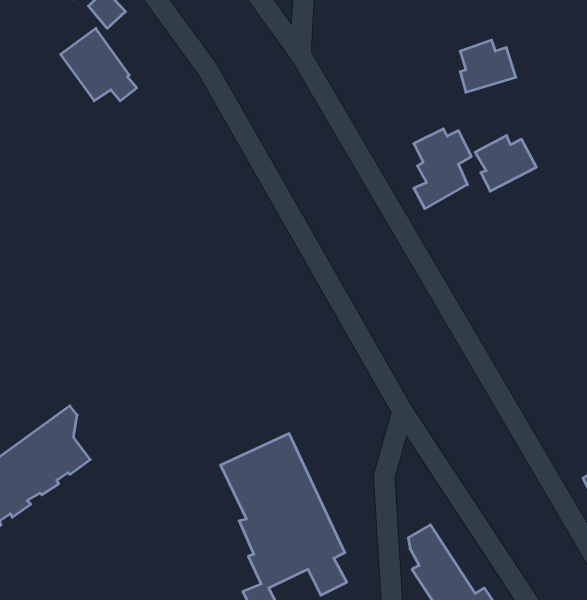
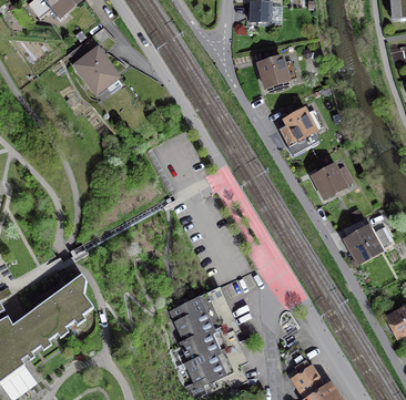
building: [460,40,516,92] -> [262,55,295,86]
building: [475,135,536,191] -> [315,164,352,197]
building: none -> [344,225,379,260]

